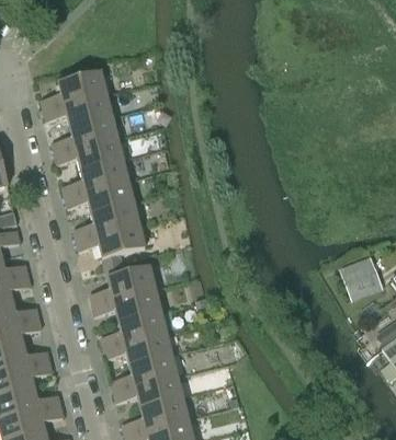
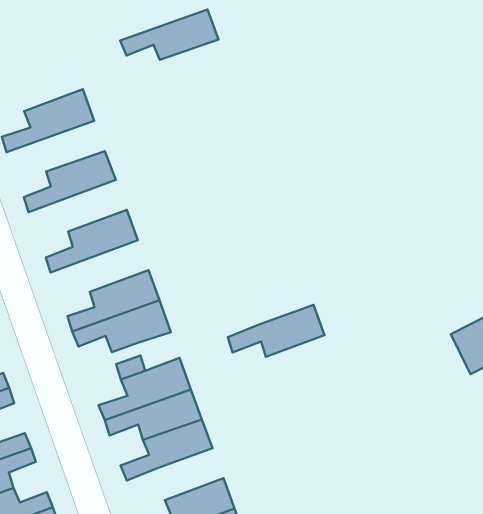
building: [44,94,113,126] -> [120,9,219,60]
building: [55,137,124,170] -> none
building: [66,181,135,213] -> none
building: [104,332,172,364] -> [228,305,324,357]

